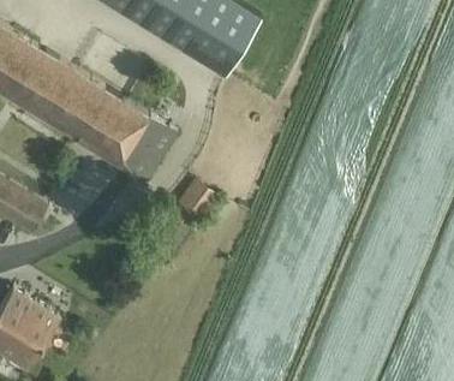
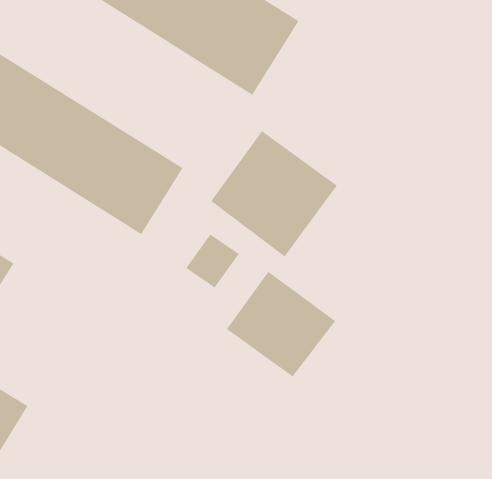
building: none -> [210,130,338,257]
building: none -> [226,271,336,378]

